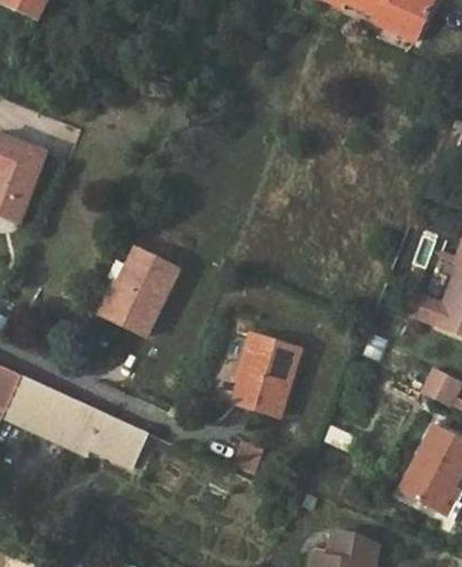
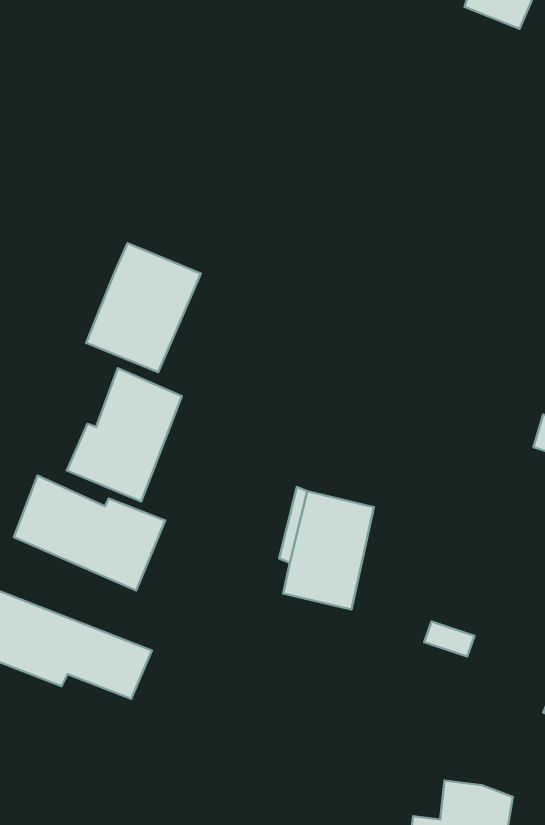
building: none -> [86,243,201,372]
building: none -> [14,476,165,591]

